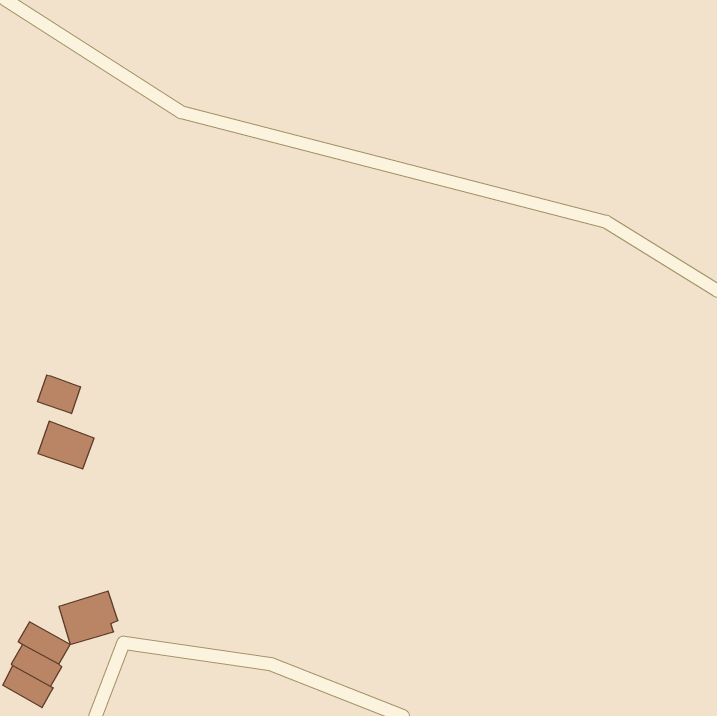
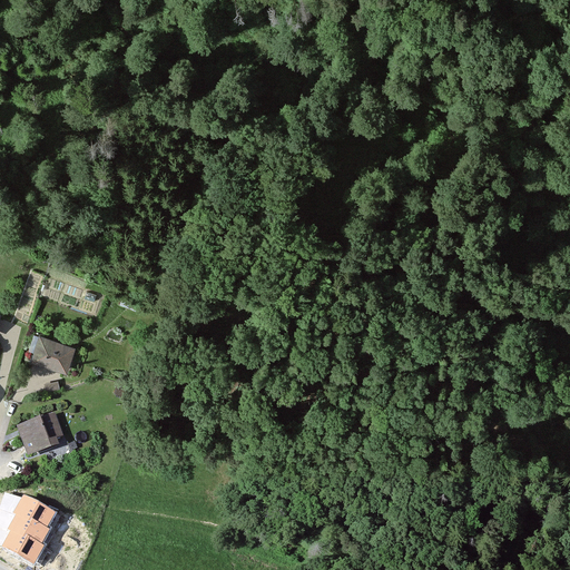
building: [38,375,80,414] -> none
building: [59,591,118,644] -> [16,415,62,458]

